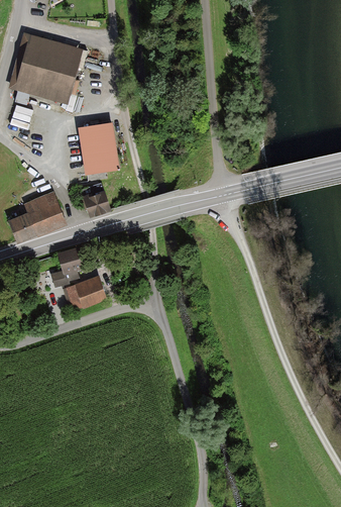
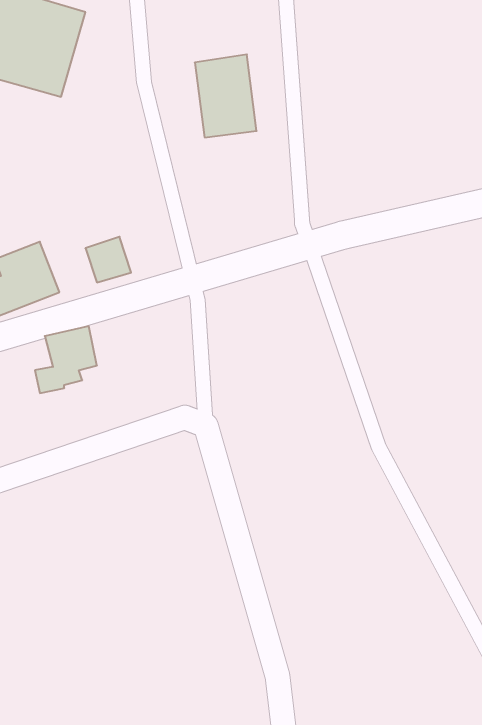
building: [80,122,118,174] -> [195,54,257,137]
building: [63,276,107,311] -> none

